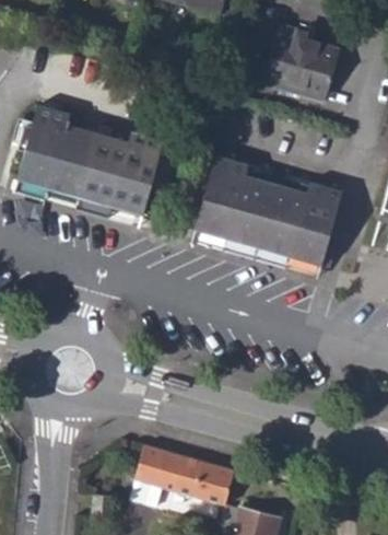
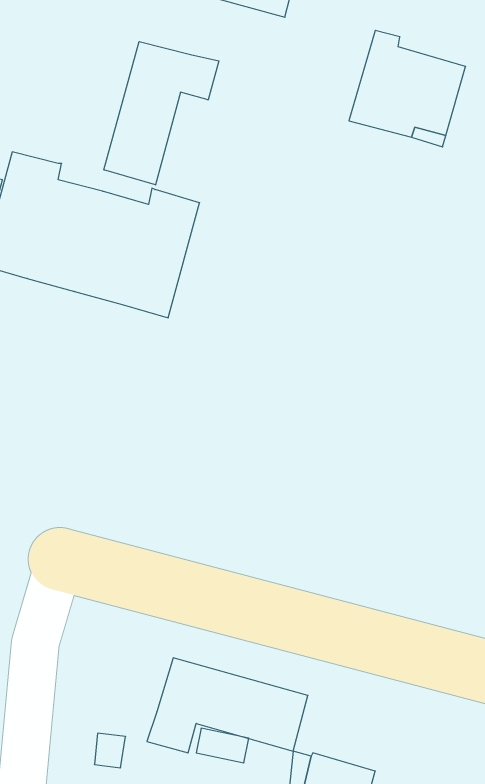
building: none -> [104,42,219,185]
building: [195,154,342,267] -> none

